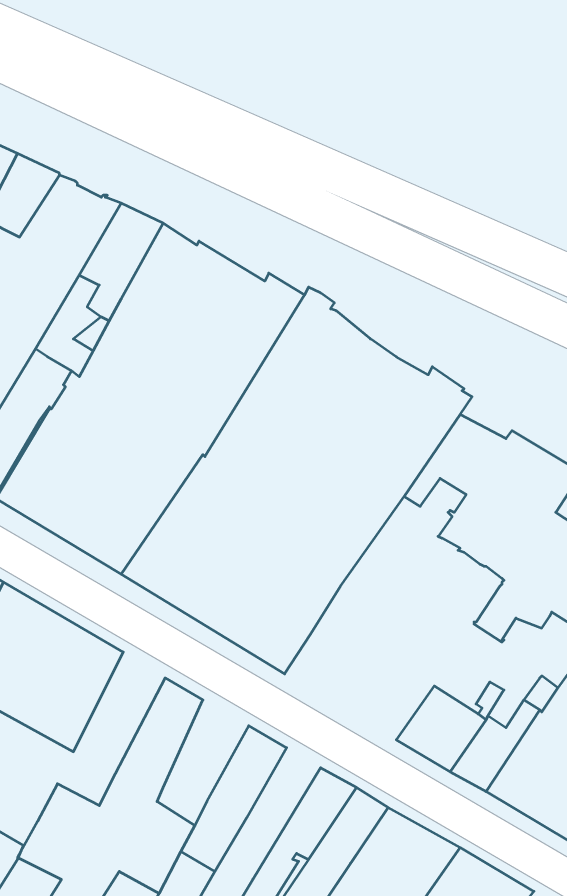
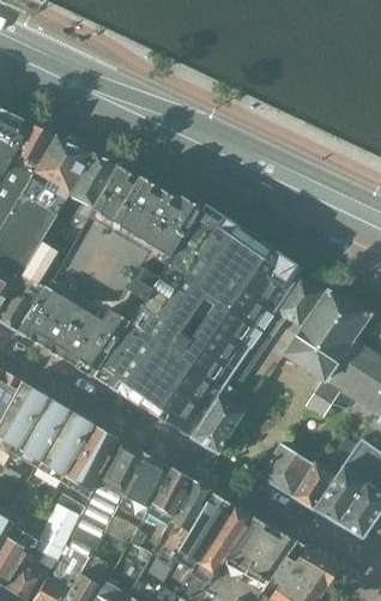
building: none -> [192,385,244,453]
building: none -> [55,425,119,517]
building: none -> [119,453,170,516]
building: none -> [164,482,213,561]

